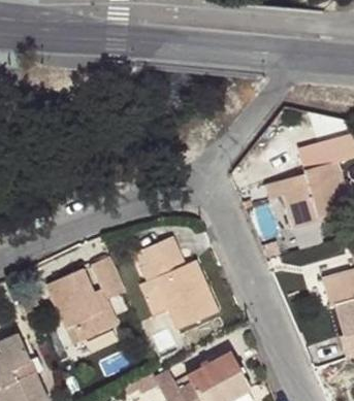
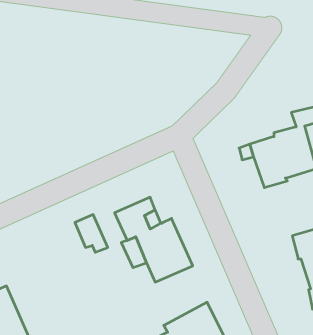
building: [50,270,117,359] -> none

